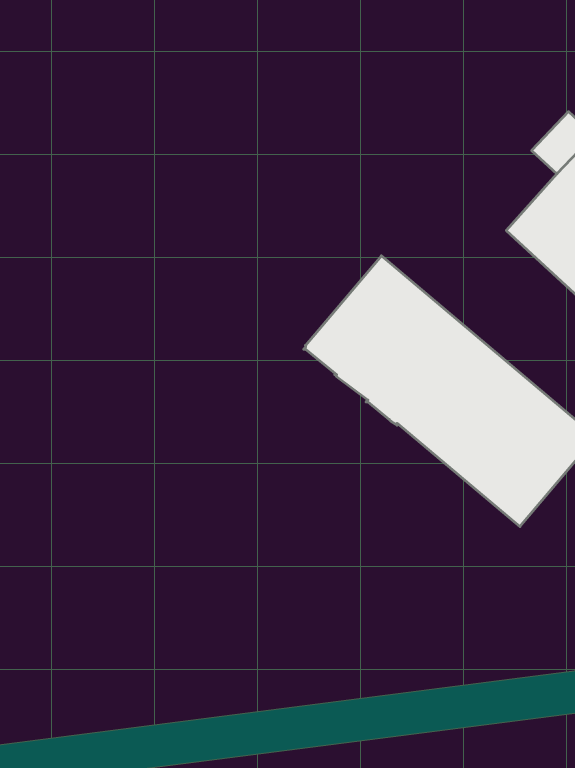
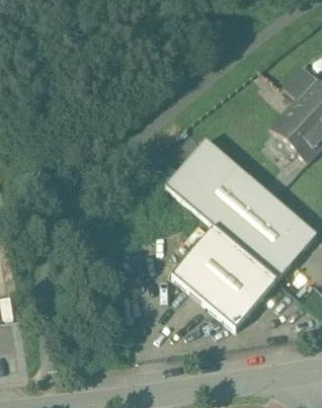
building: none -> [172,226,277,329]

